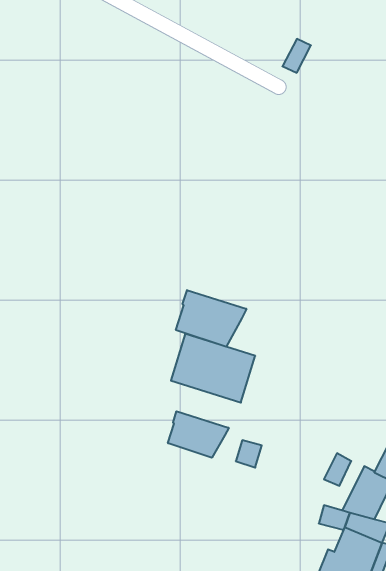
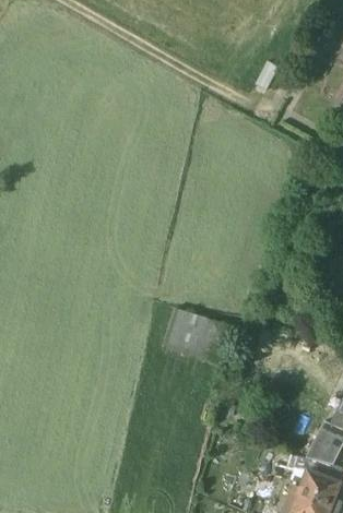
building: [176,290,246,347] -> none
building: [168,411,229,458] -> none

